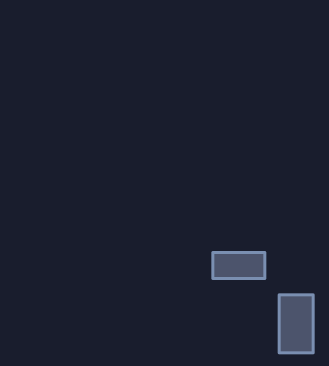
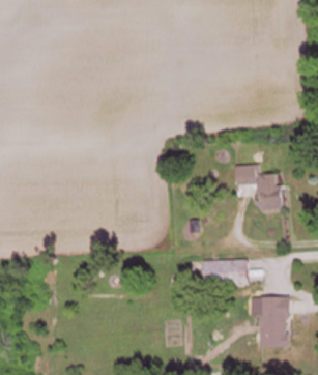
building: none -> [234,164,280,209]

